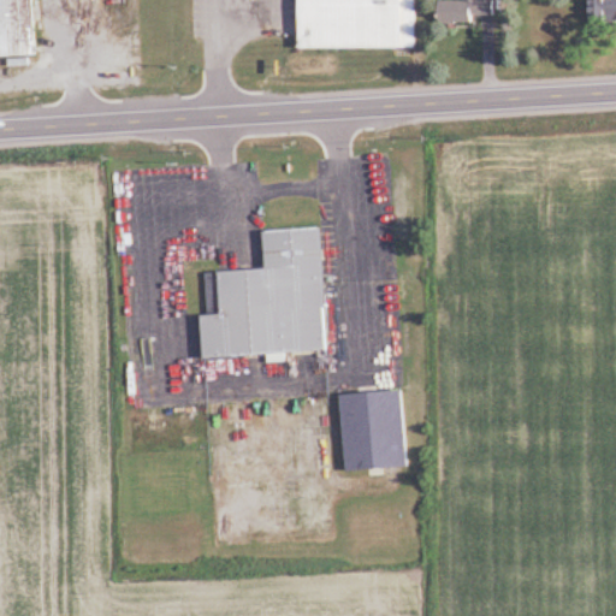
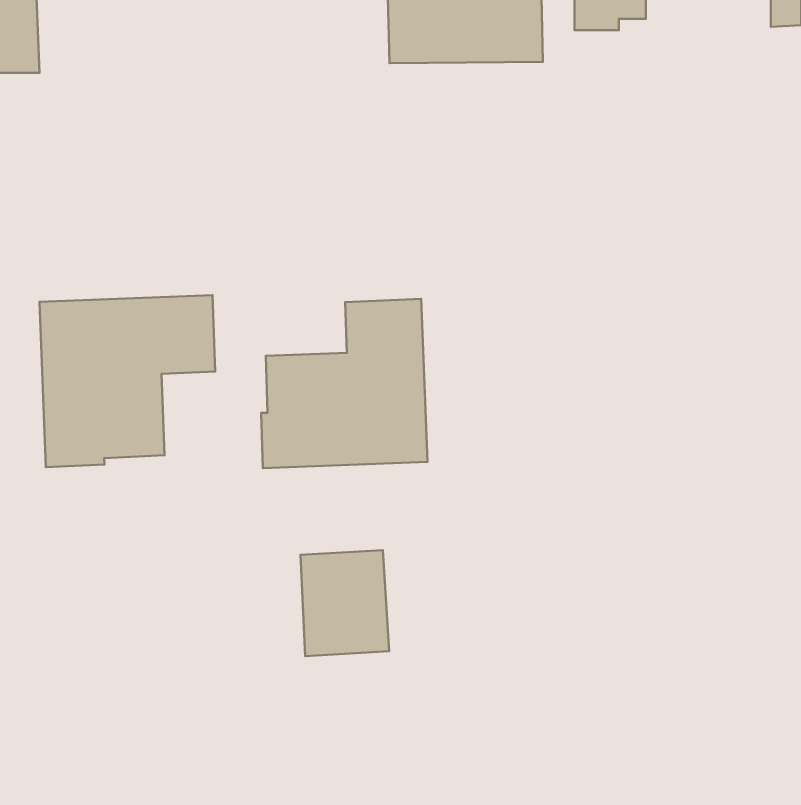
building: none -> [40,295,215,467]
building: [338,391,405,472] -> [301,550,389,656]

